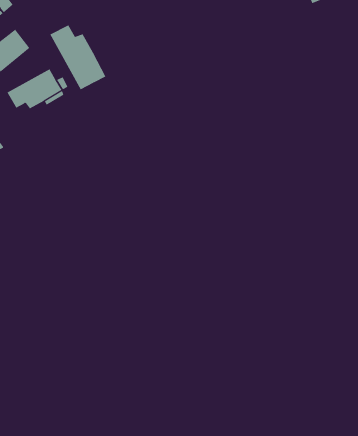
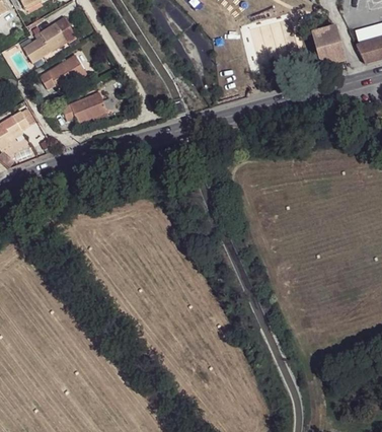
building: [49,24,106,90] -> none

